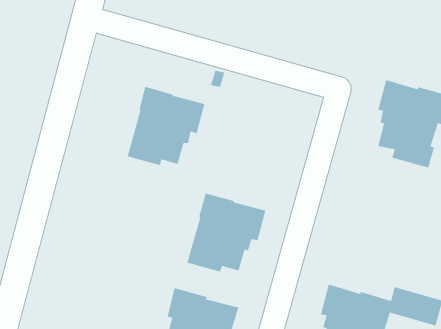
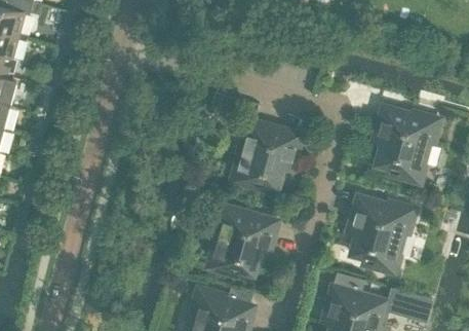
building: [127,86,205,166] -> [233,118,302,188]
building: none -> [350,195,415,273]

